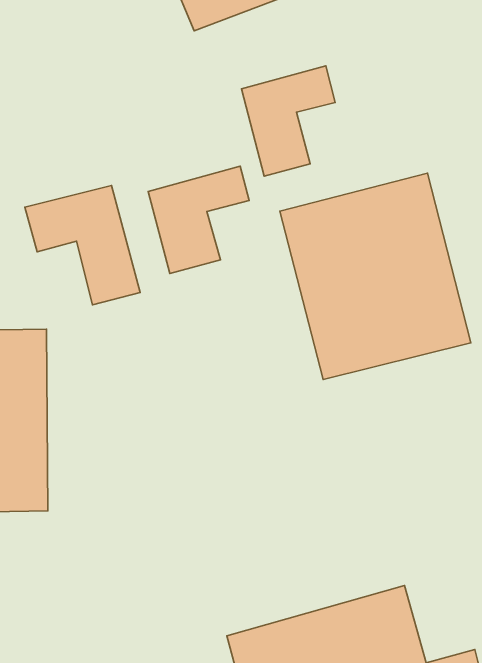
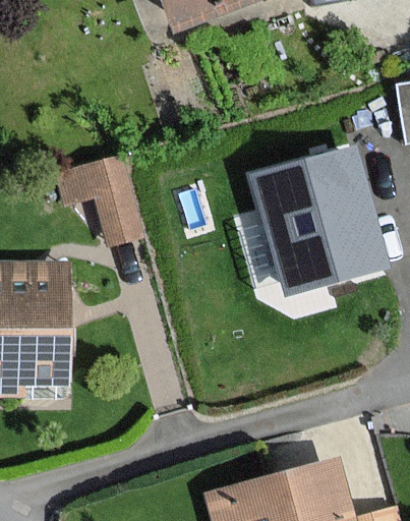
building: [242,66,335,176] -> none
building: [148,166,249,274] -> none

